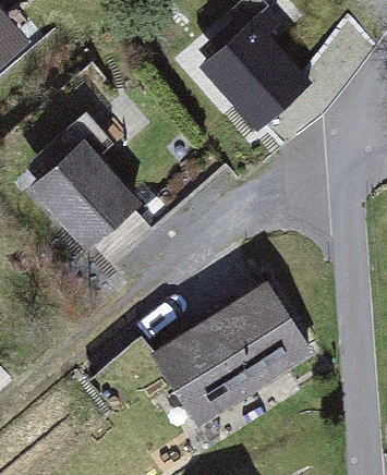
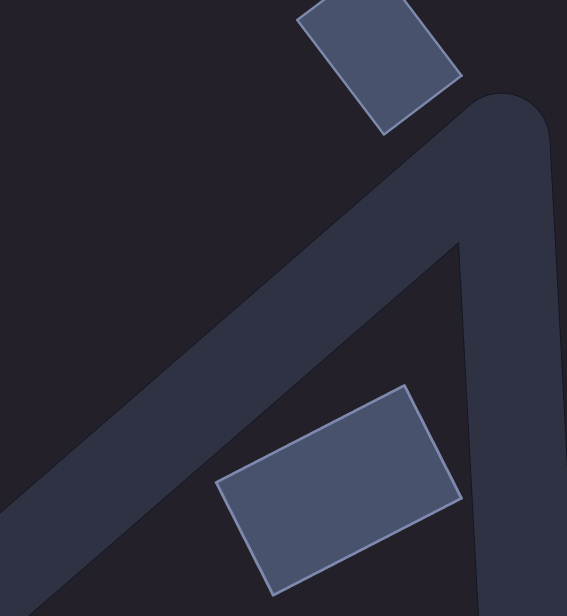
building: [38,142,136,244] -> none

